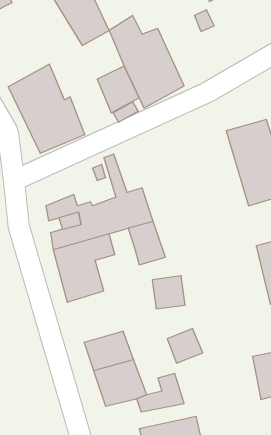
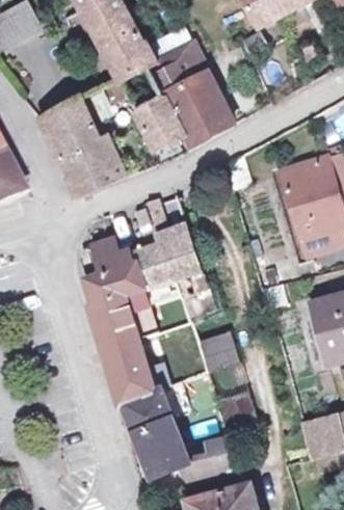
building: none -> [103,347,158,405]

